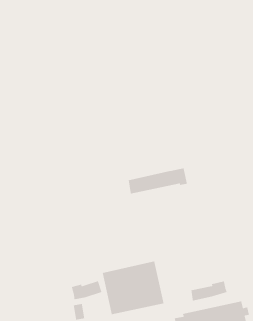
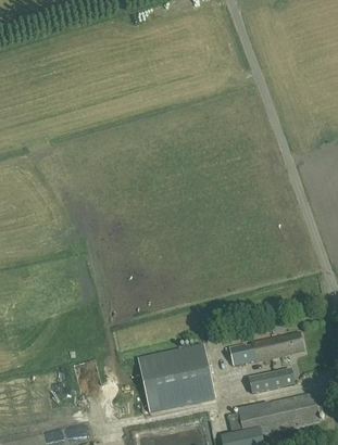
building: [128,168,188,195] -> [228,332,303,366]
building: [71,280,102,300] -> none

